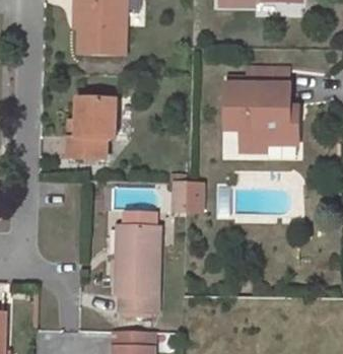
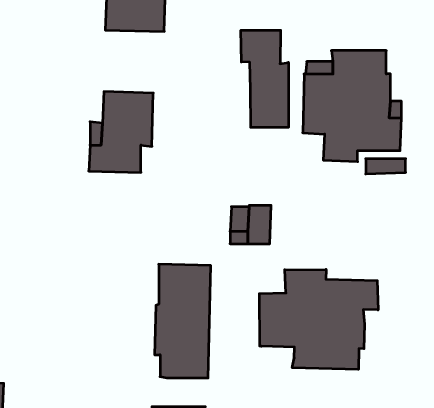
building: none -> [241,30,288,127]
building: none -> [259,269,378,369]

